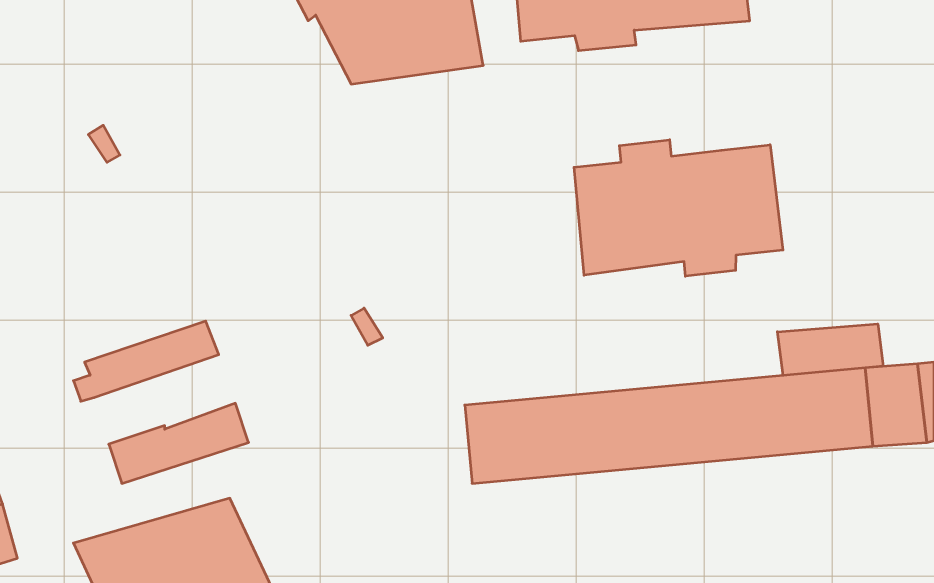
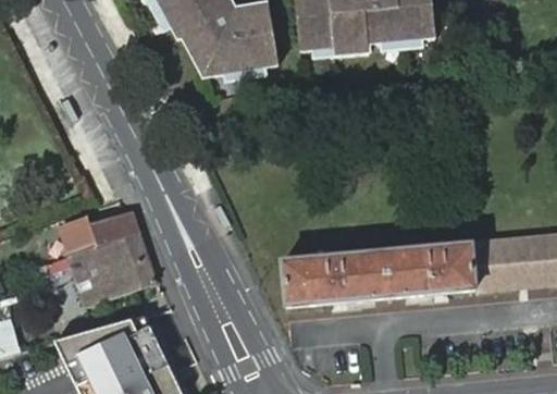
building: [574,140,783,276] -> none
building: [777,324,883,375] -> none
building: none -> [55,231,138,283]

